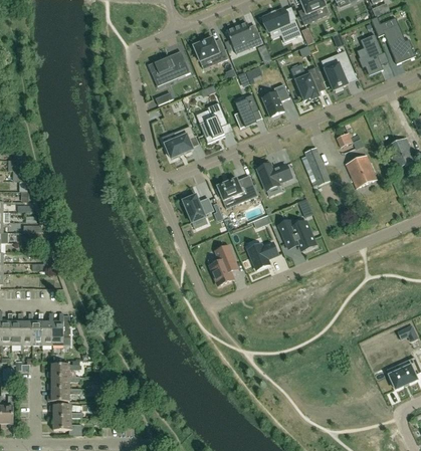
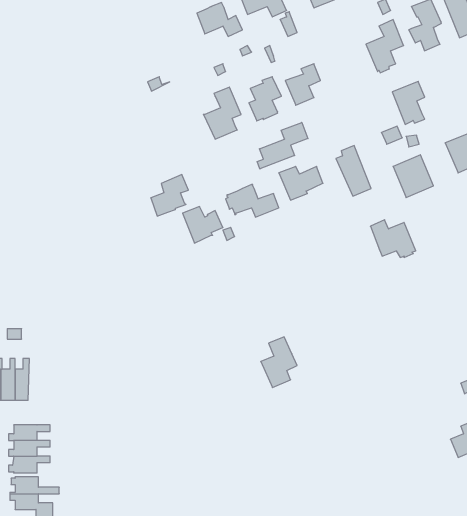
building: [148,56,189,79] -> none
building: [293,66,319,99] -> [392,81,425,124]
building: [165,125,194,157] -> [151,175,188,216]
building: none -> [257,122,308,169]
building: [278,219,313,248] -> [370,220,416,257]
building: [247,241,277,268] -> none
building: [209,245,237,284] -> [261,337,297,388]

